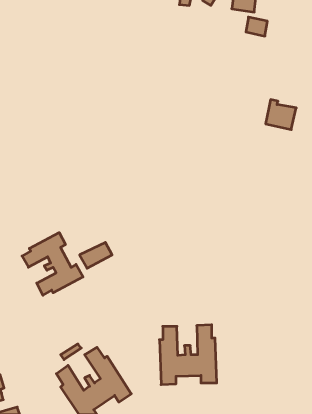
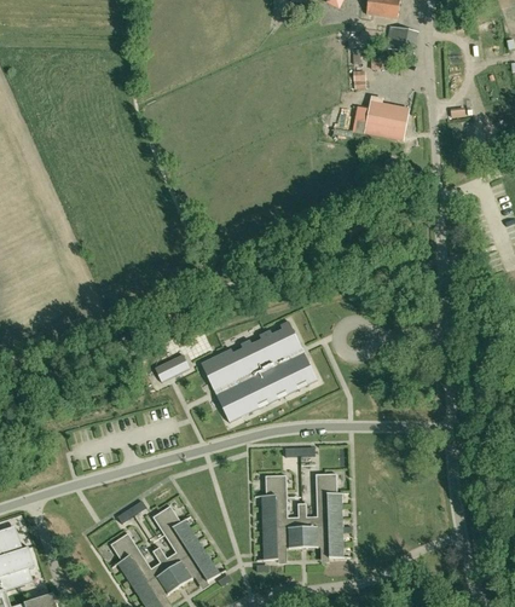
building: [266,100,296,130] -> [365,96,410,139]
building: none -> [201,328,318,422]
building: [22,233,83,295] -> none

